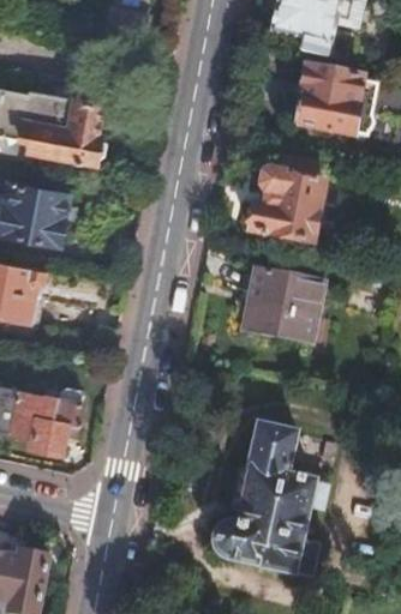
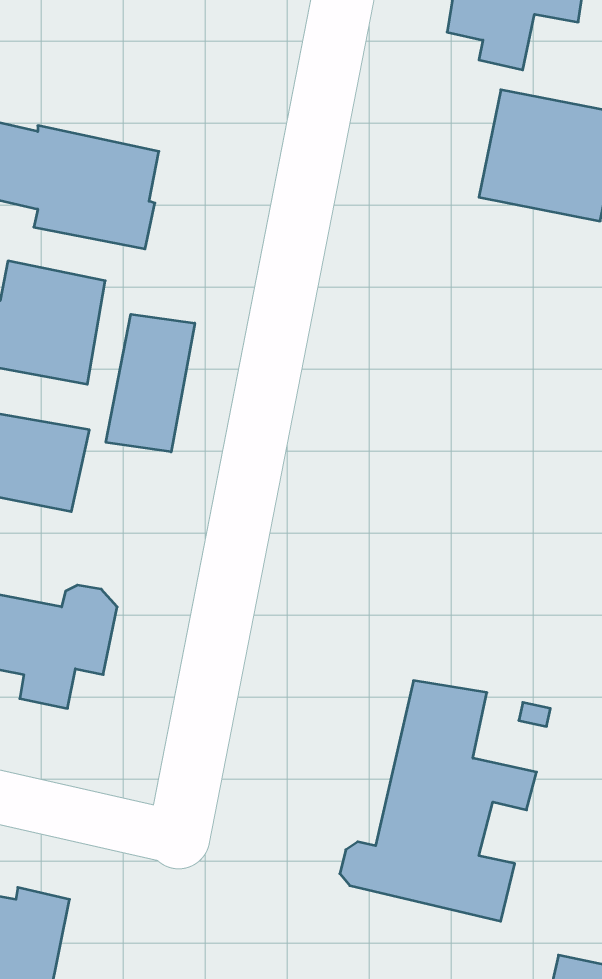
building: [249,158,328,247] -> none
building: none -> [106,314,195,452]
building: [231,278,317,354] -> none

